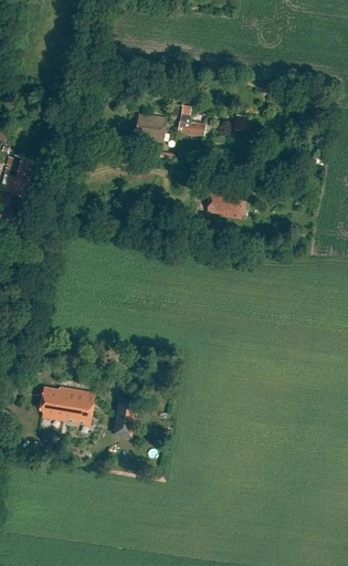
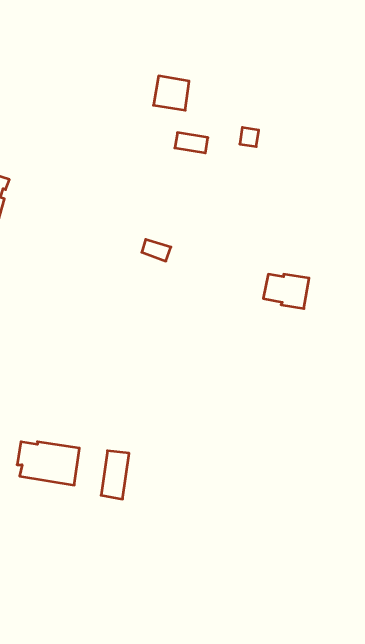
building: [135,113,166,143] -> [153,76,189,110]
building: [205,190,245,220] -> [263,274,309,309]

